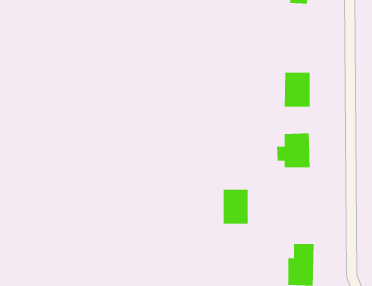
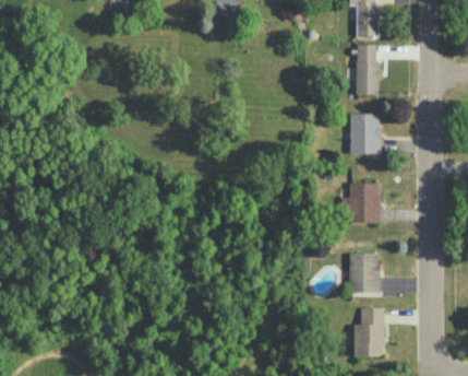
building: none -> [355,45,383,95]
building: [223,189,249,224] -> [349,252,379,293]

